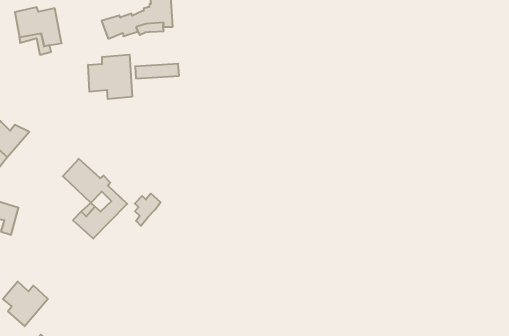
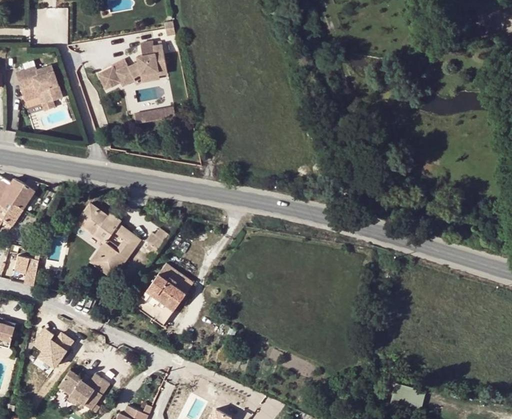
building: [88,55,132,99] -> none
building: none -> [136,264,193,325]

